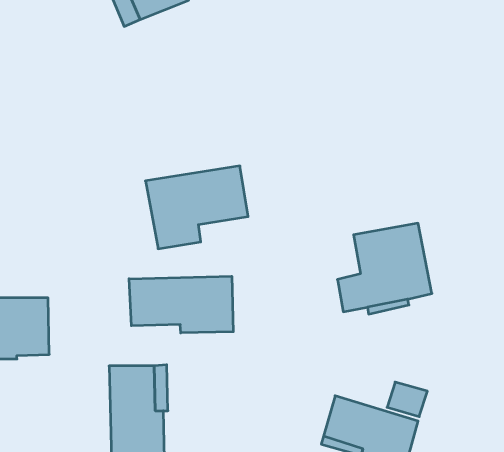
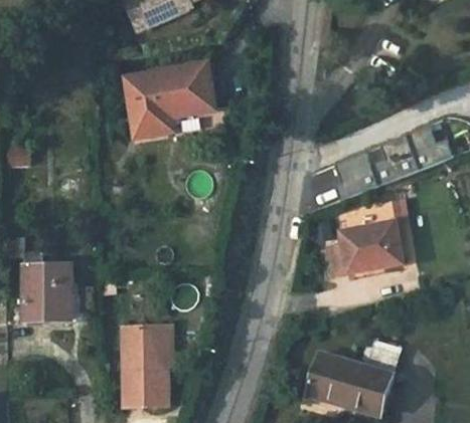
building: none -> [333,127,454,202]
building: [145,166,248,249] -> [124,64,213,137]
building: [129,276,233,333] -> none

